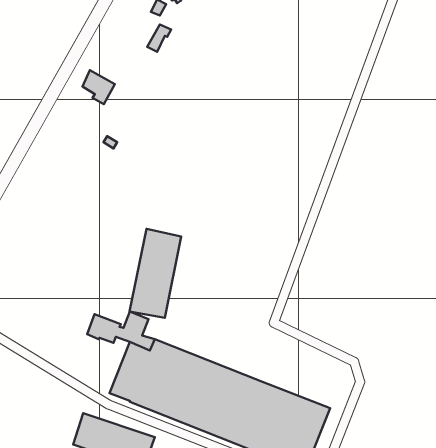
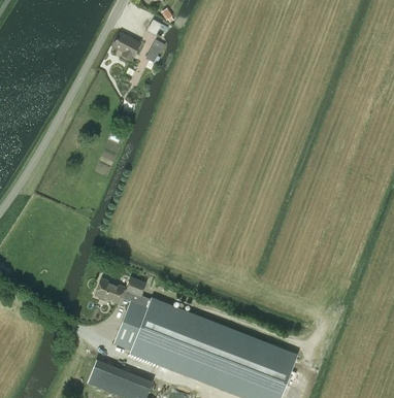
building: [82,70,115,104] -> [113,33,140,61]
building: [129,229,181,318] -> none

